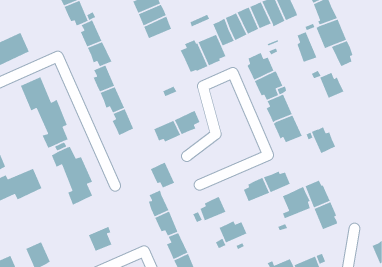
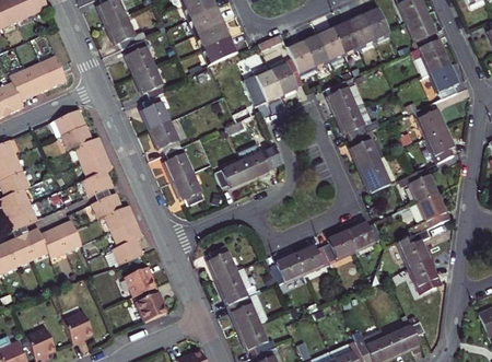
building: [296,31,318,63] -> none
building: none -> [425,128,453,162]
building: [150,161,175,189] -> [173,173,203,206]
building: [282,186,311,219] -> [409,195,444,235]
building: none -> [125,265,154,296]
building: [218,220,247,244] -> [294,245,329,273]

